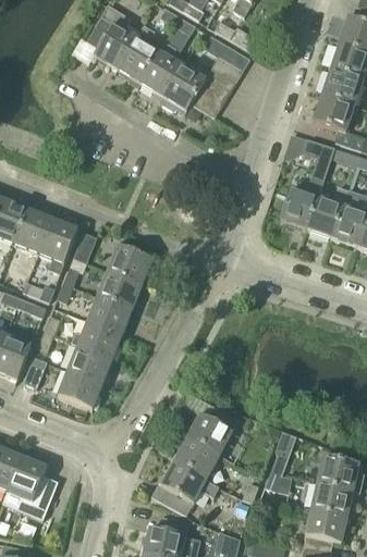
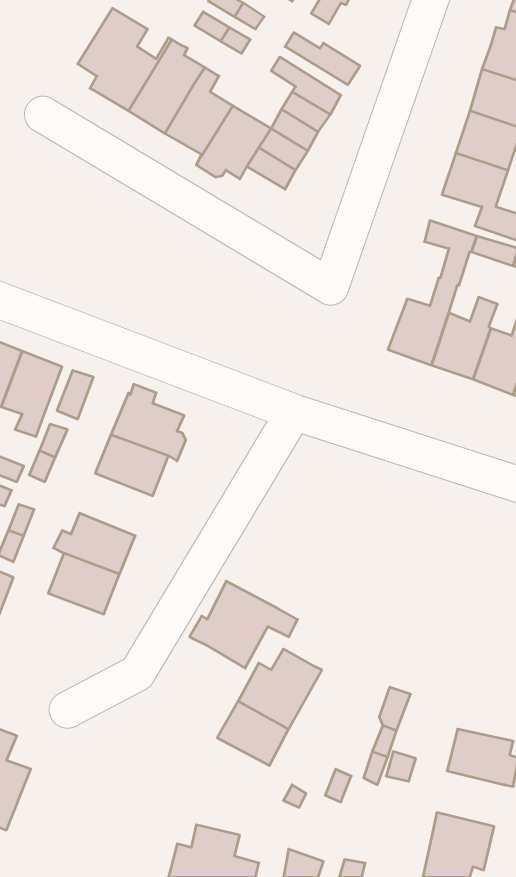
building: [87,296,133,335] -> none
building: [57,371,102,411] -> none
building: [150,461,218,516] -> [190,581,298,668]
building: [310,482,353,517] -> none

